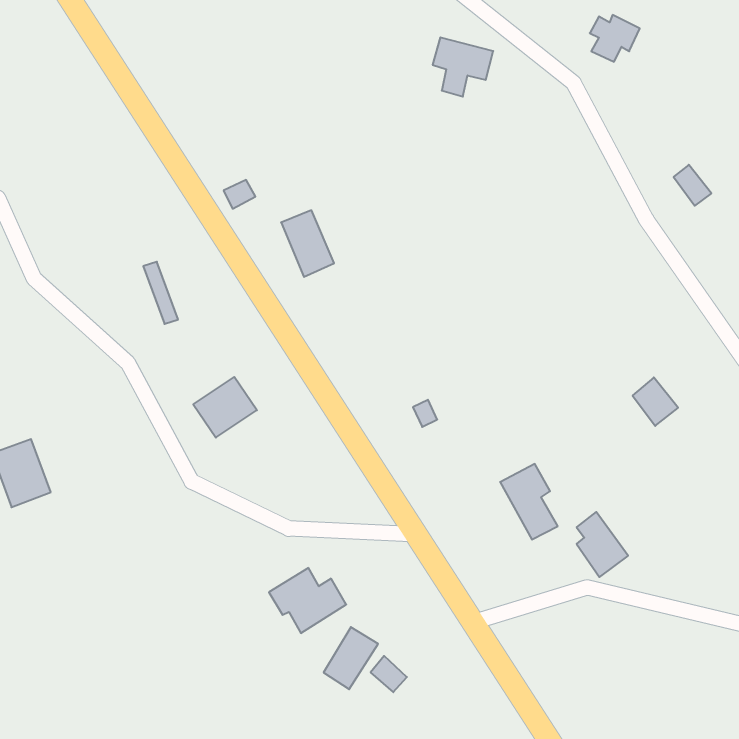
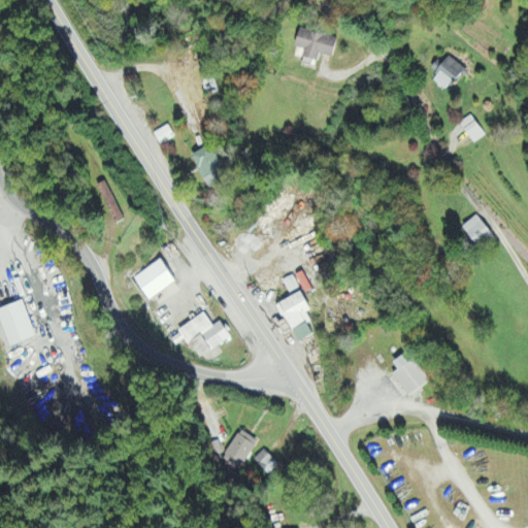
building: [590,15,640,62] -> [431,56,465,88]
building: [633,377,678,426] -> [462,213,493,246]
building: [500,464,558,540] -> [276,291,316,342]
building: [269,568,346,633] -> [177,312,230,357]

